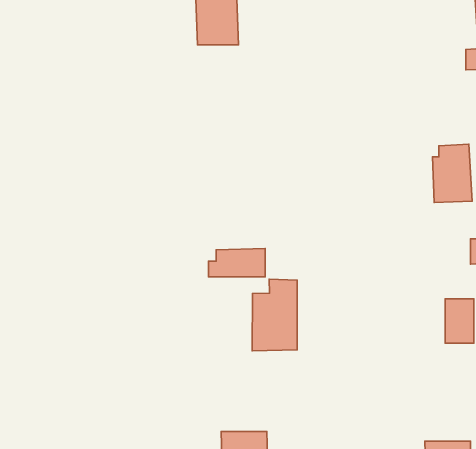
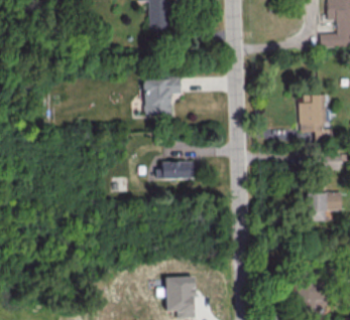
building: none -> [143,75,182,116]
building: [252,279,297,351] -> none

